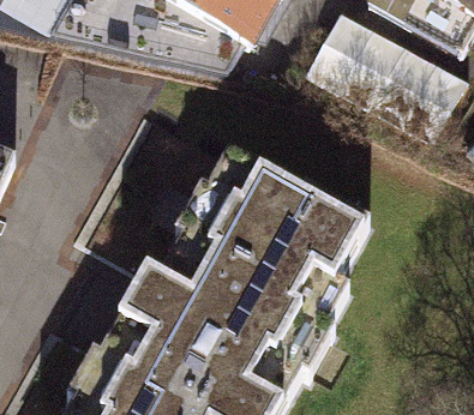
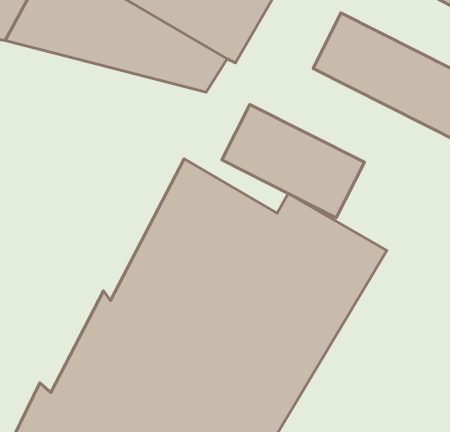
building: none -> [222,104,364,218]

